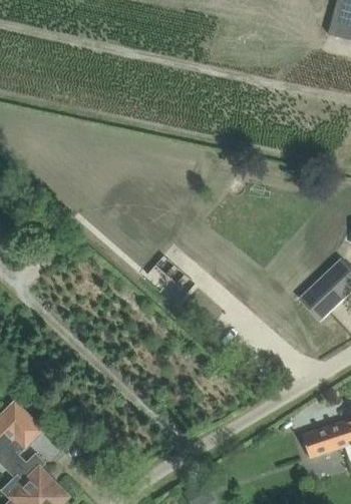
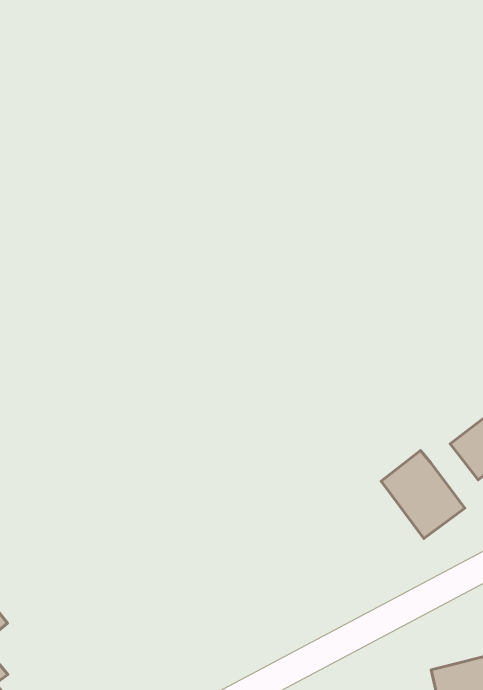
building: none -> [381,451,465,538]

